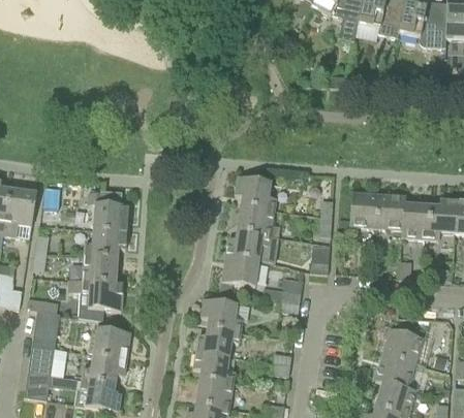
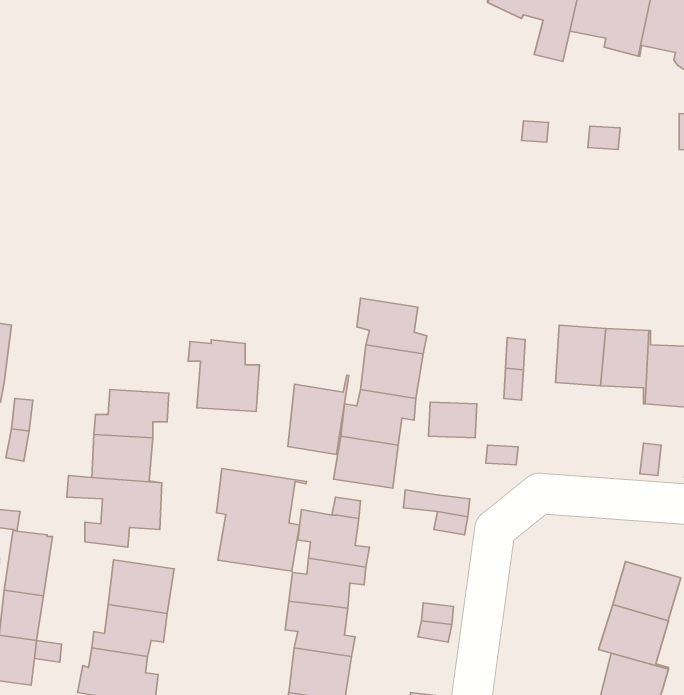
building: [88,191,129,232] -> [188,340,260,412]
building: none -> [288,375,349,454]
building: none -> [217,468,307,571]

